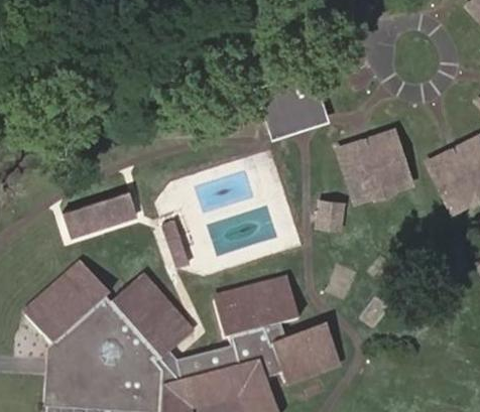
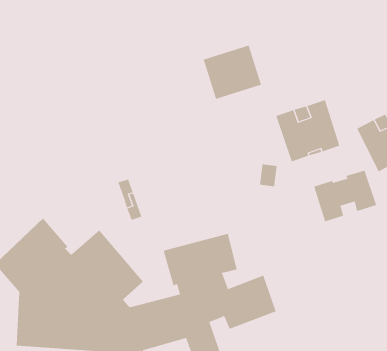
building: [64,190,138,236] -> none
building: none -> [313,170,377,222]

